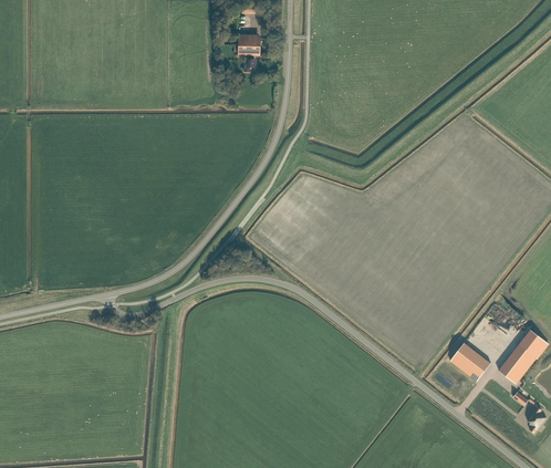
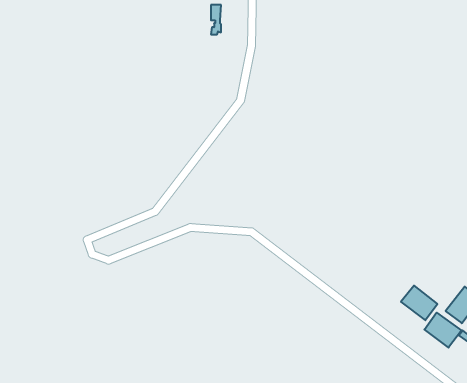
building: none -> [424,313,462,348]

